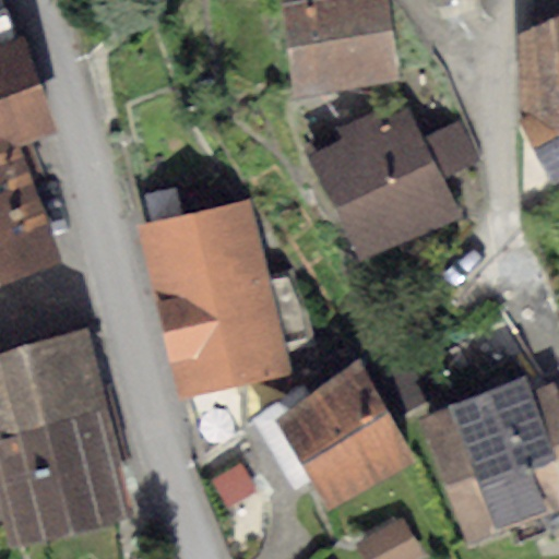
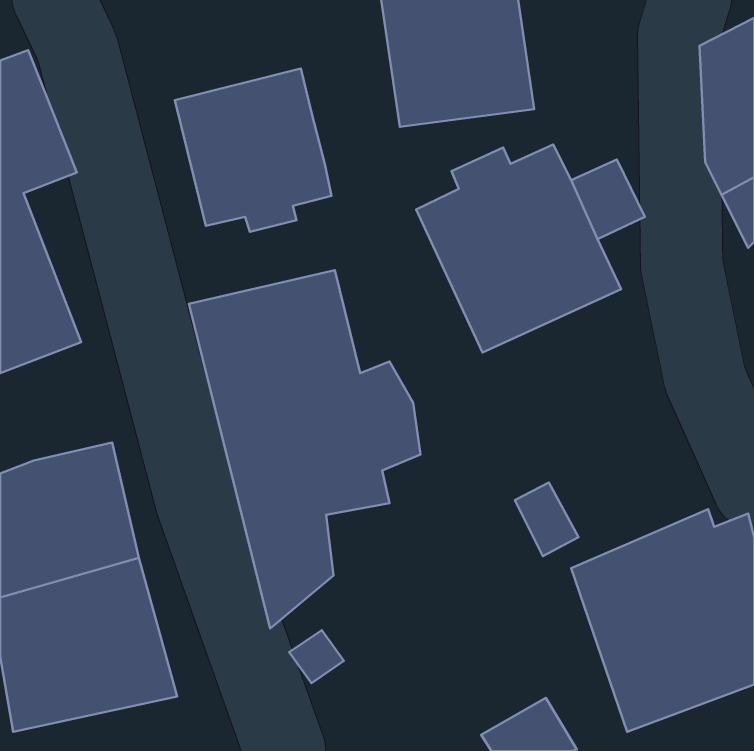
building: none -> [175,68,332,232]
building: [277,356,418,508] -> none

